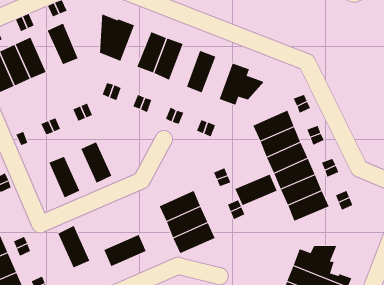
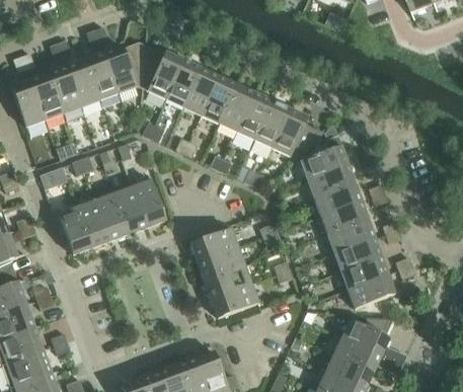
building: none -> [103,42,146,93]
building: none -> [164,60,200,106]
building: none -> [66,60,99,106]
building: none -> [217,84,252,132]
building: none -> [252,100,288,148]
building: none -> [299,146,346,179]
building: none -> [132,179,165,226]
building: none -> [95,193,129,240]
building: [235,174,278,206] -> [345,275,393,308]
building: [57,225,90,268] -> [58,207,92,254]
building: [104,234,146,267] -> [189,228,237,262]

